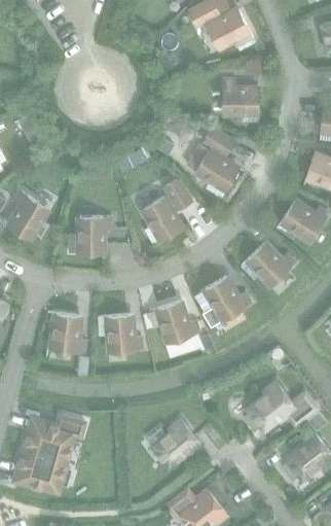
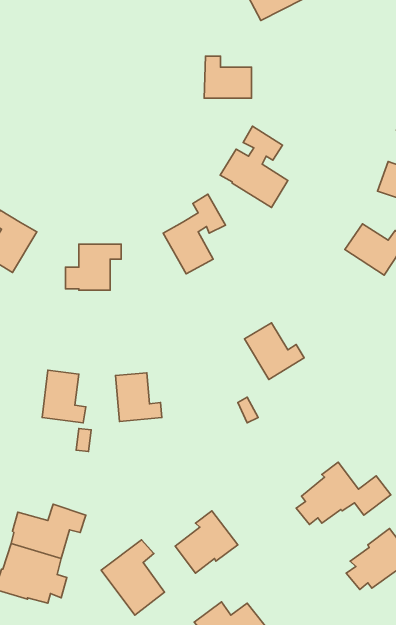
building: [221,79,257,111] -> [204,56,252,98]
building: [246,242,293,284] -> none
building: [156,301,197,342] -> none
building: none -> [101,540,165,615]

